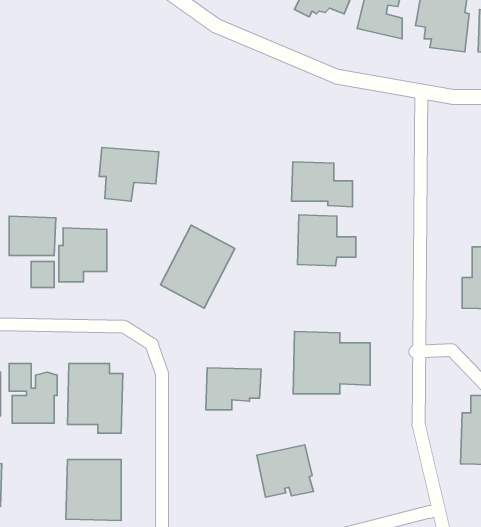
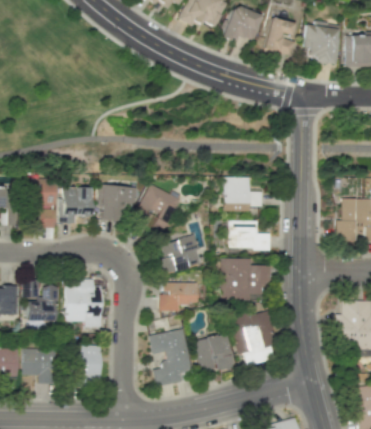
building: [99,147,159,201] -> [96,185,137,222]
building: [291,162,353,207] -> [228,220,270,251]
building: none -> [151,234,203,278]
building: none -> [225,309,280,367]
building: none -> [148,328,192,387]
building: none -> [22,348,55,384]

